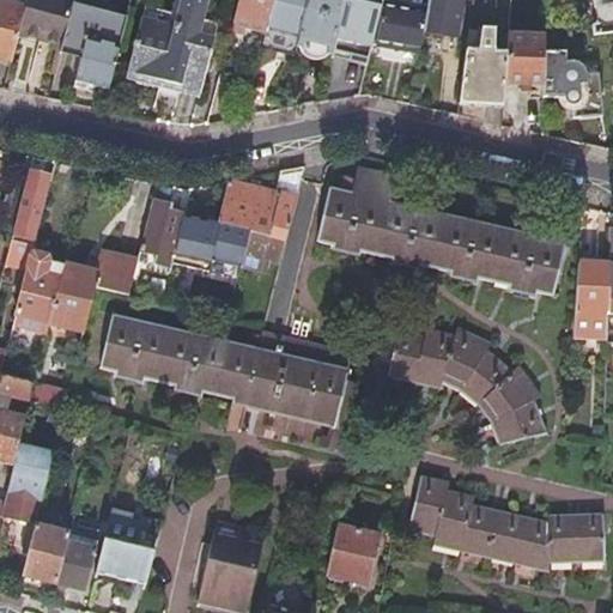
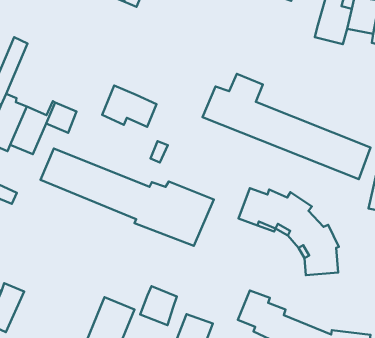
building: [217,166,302,271] -> none
building: [139,198,183,265] -> none
building: none -> [140,286,177,325]
building: [95,504,153,583] -> none

